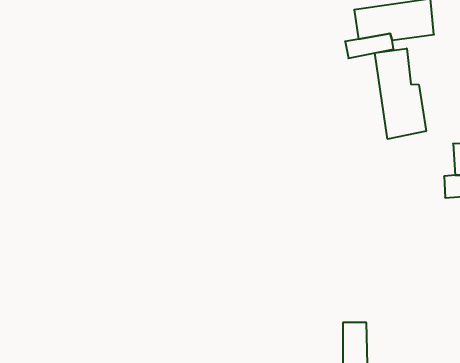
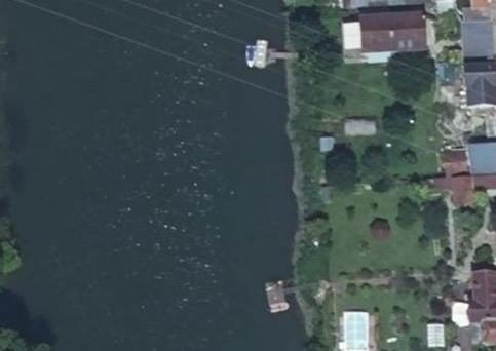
building: [375,48,426,139] -> none

